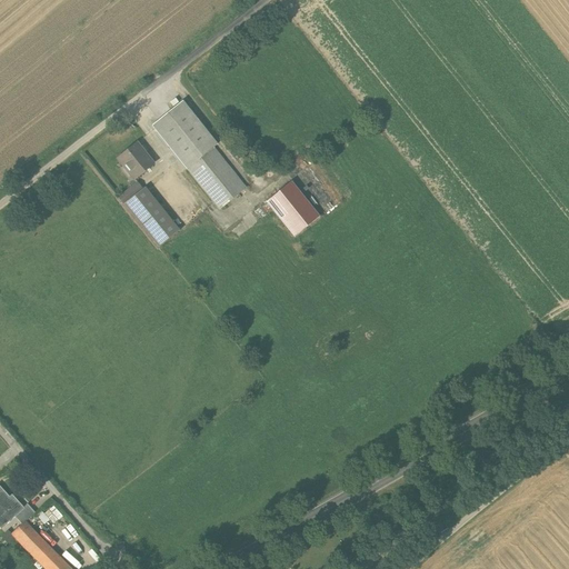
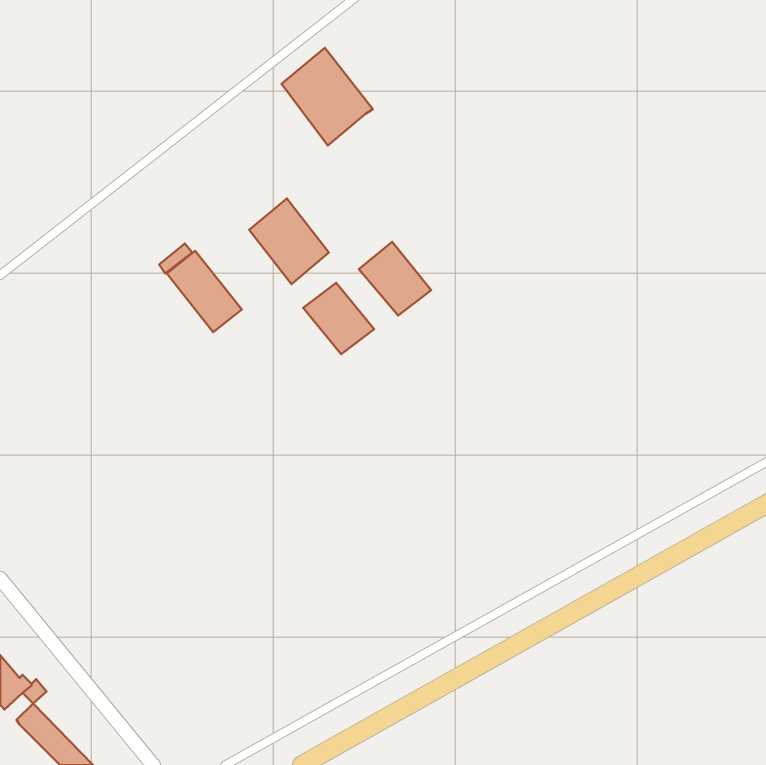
building: [151,98,219,170] -> [281,48,373,145]
building: [119,142,153,177] -> none
building: none -> [303,283,374,354]

